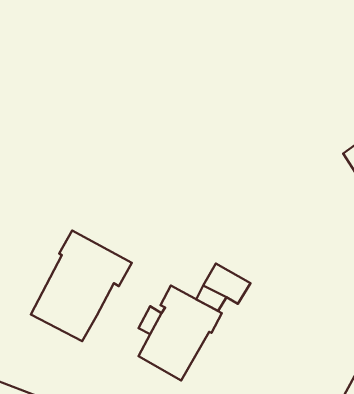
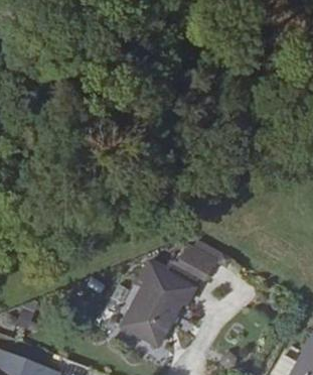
building: [31,230,132,341] -> none

